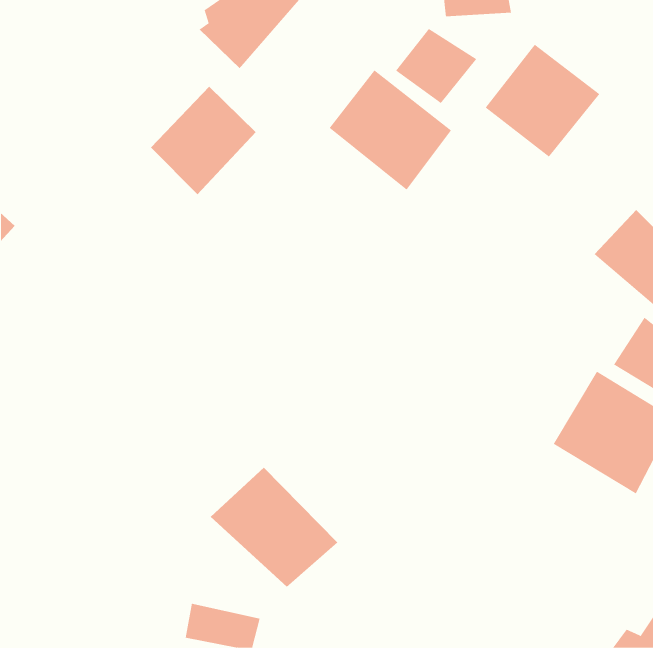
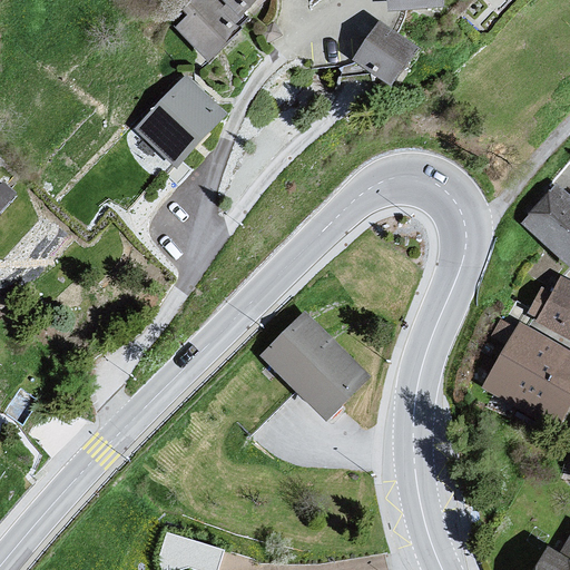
building: [485,44,600,158] -> none
building: [329,69,452,191] -> none
building: [210,467,338,588] -> [259,312,371,416]

